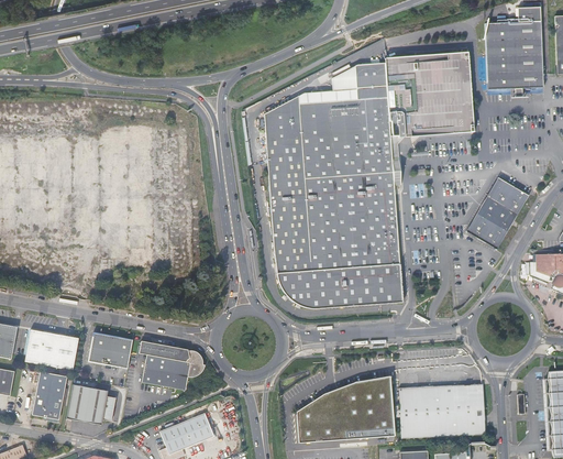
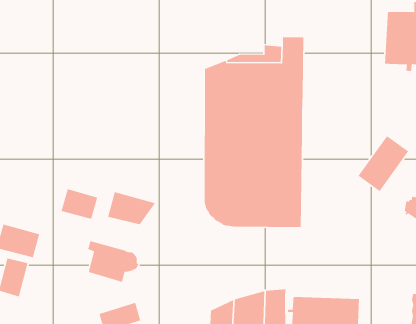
building: [385,53,473,136] -> none
building: none -> [107,191,156,225]
building: [88,331,133,368] -> [61,188,98,220]
building: [66,384,115,424] -> none

